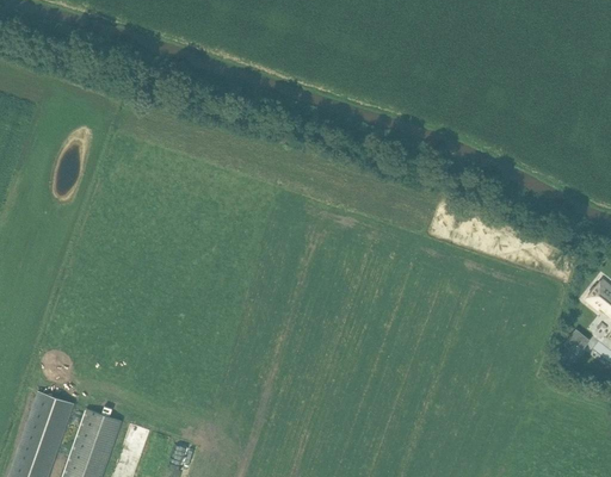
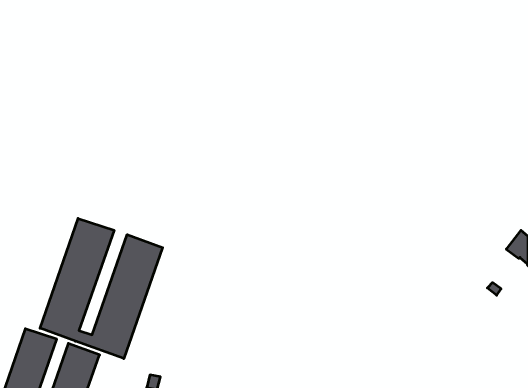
building: none -> [40,218,163,359]

